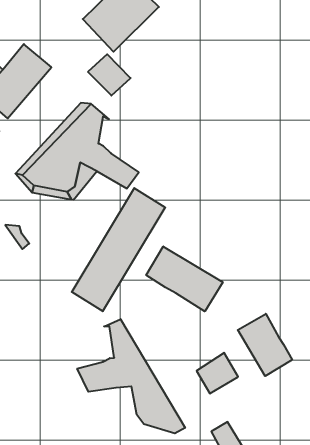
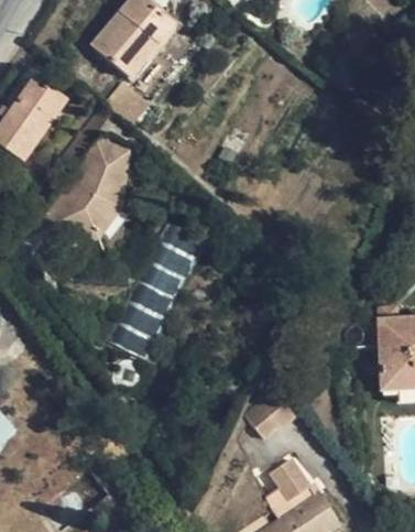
building: [146,246,223,311] -> none
building: [238,314,292,376] -> none
building: [77,319,185,433] -> none

